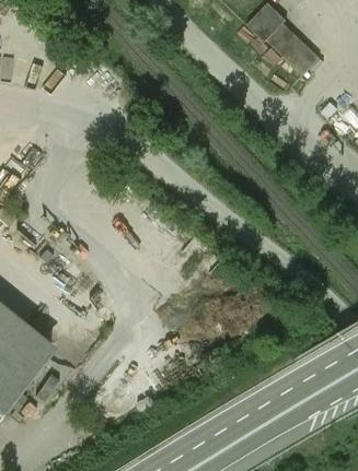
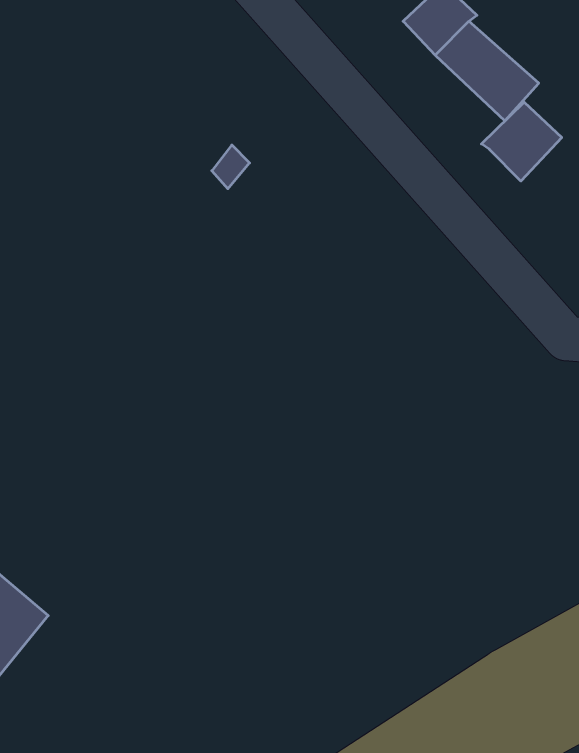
building: none -> [481,102,562,181]

